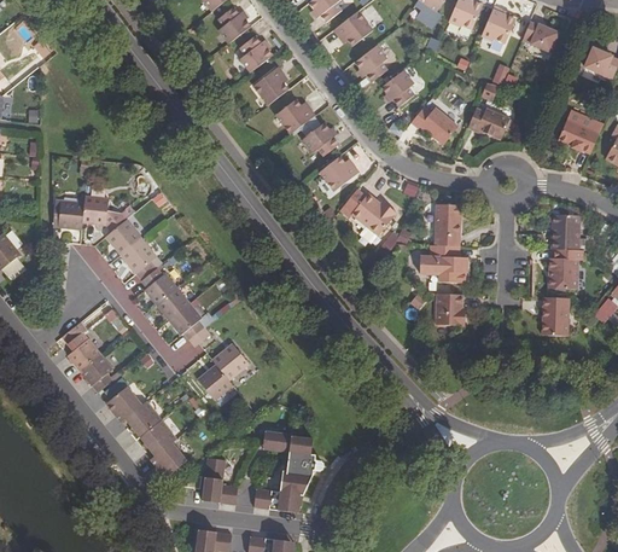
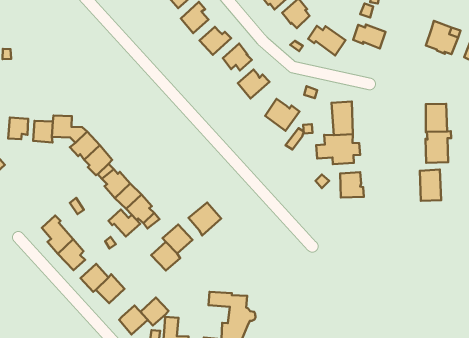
building: none -> [8,117,28,139]
building: none -> [189,203,221,235]
building: none -> [108,210,140,236]
building: [140,419,175,454] -> [141,297,168,325]

